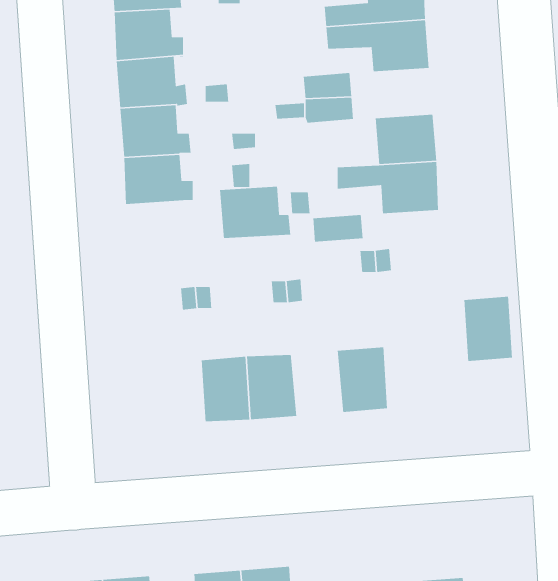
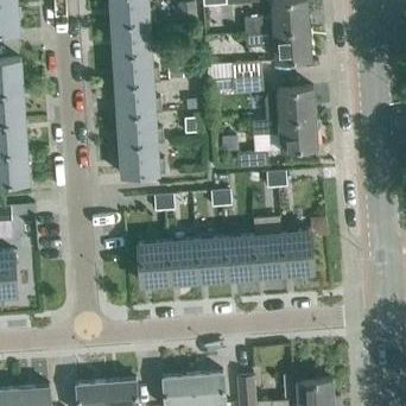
building: [219,186,291,239] -> [120,142,165,176]
building: [464,296,513,362] -> [283,231,313,273]
building: none -> [224,236,256,278]
building: none -> [138,242,170,284]

